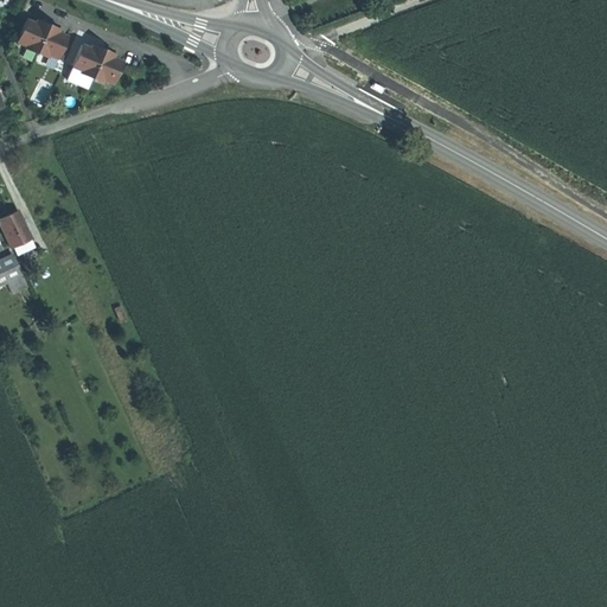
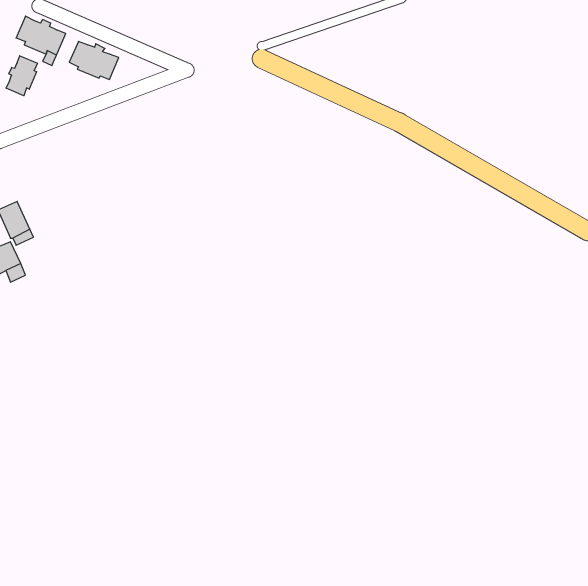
building: none -> [6,56,37,96]

